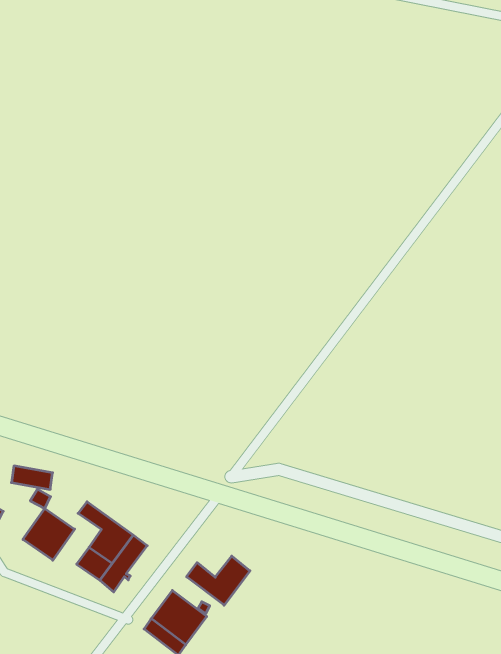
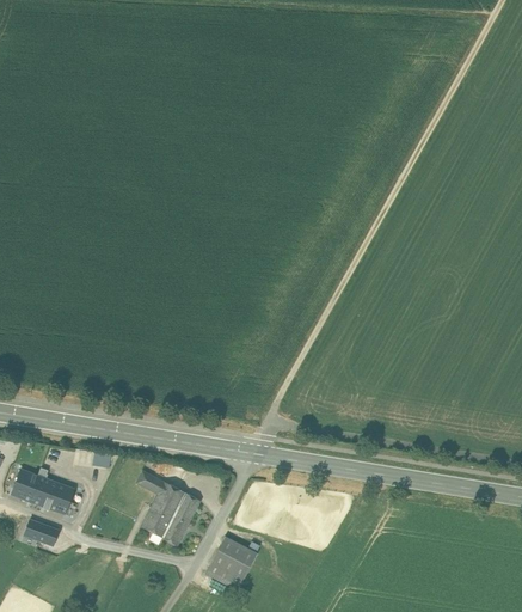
building: [23,509,75,560] -> none
building: [187,556,250,605] -> none

